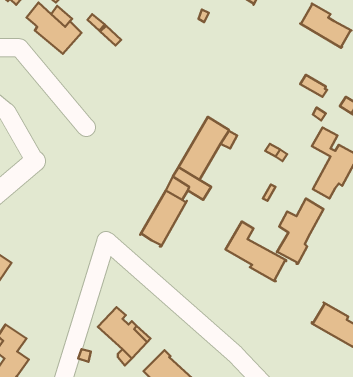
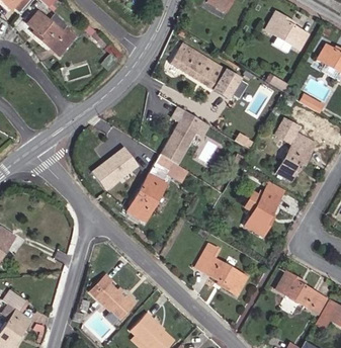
building: none -> [170,42,242,100]
building: none -> [92,145,141,190]
building: [225,222,286,281] -> [195,244,248,295]

